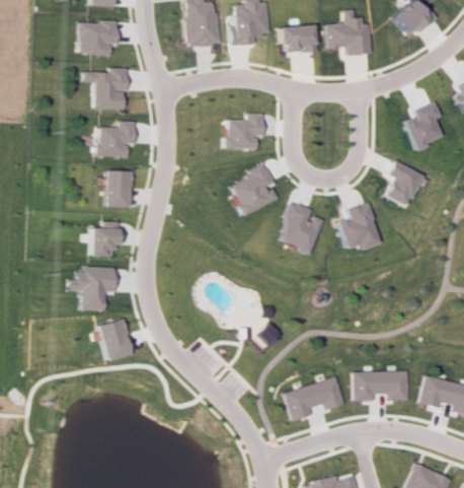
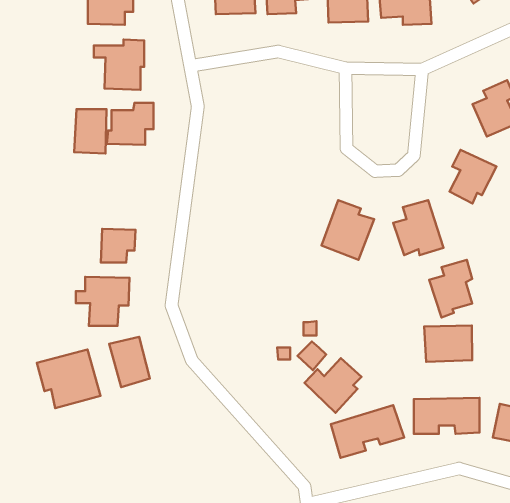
building: [225,113,262,149] -> none
building: [228,166,276,215] -> none
building: [104,170,132,208] -> [74,109,107,154]
building: none -> [429,260,472,318]
building: none -> [424,326,472,362]
building: none -> [37,350,100,408]
building: none -> [305,358,362,413]

